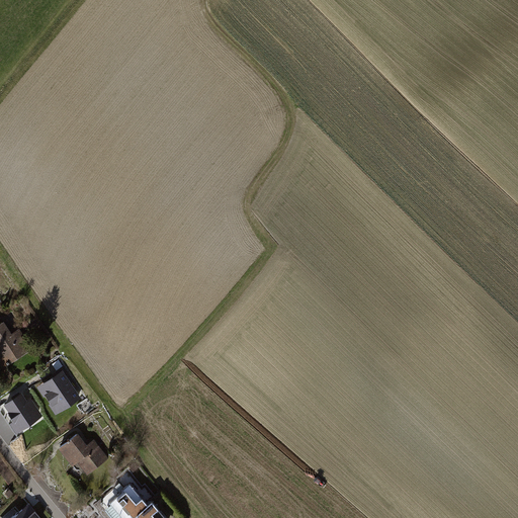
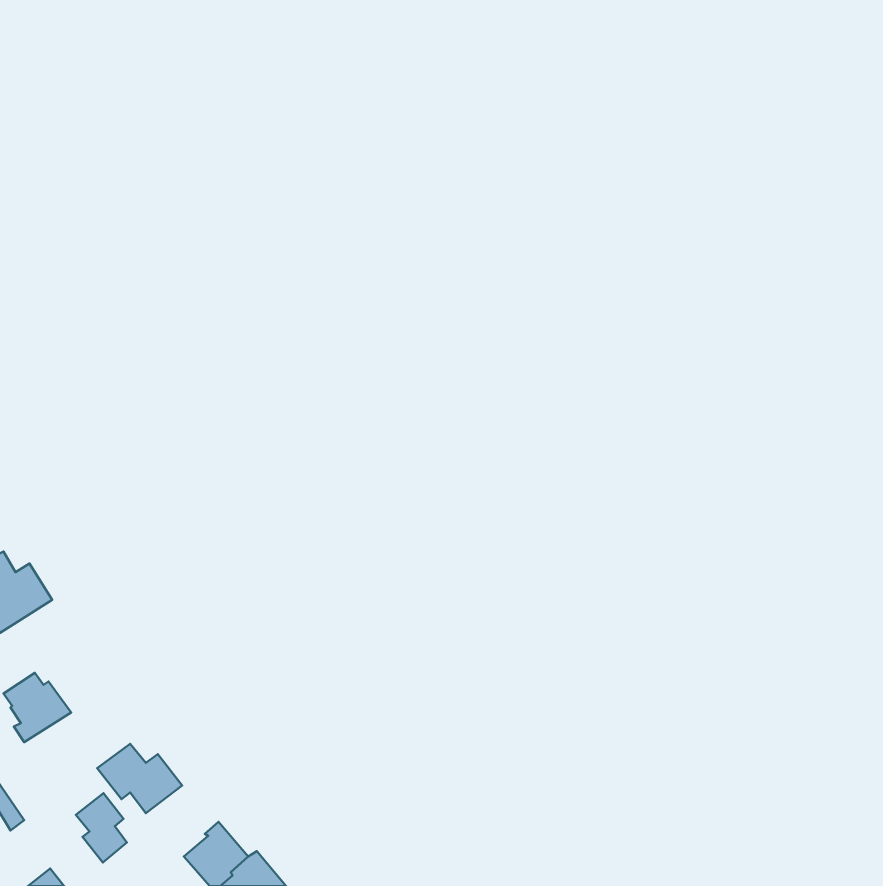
building: [34,370,80,415] -> none
building: none -> [76,793,127,862]

